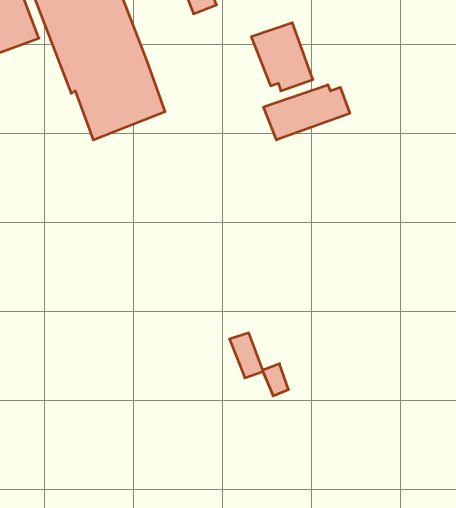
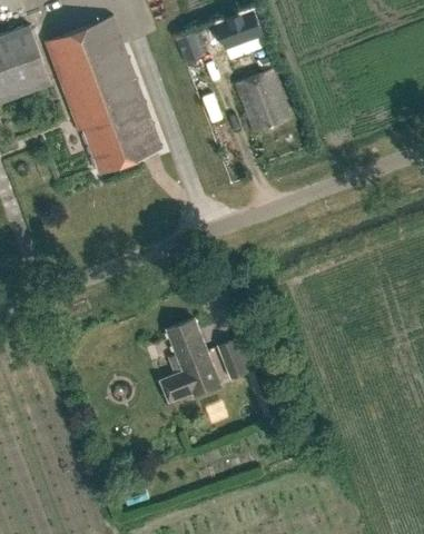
building: [264,85,350,140] -> none
building: none -> [161,319,219,402]

